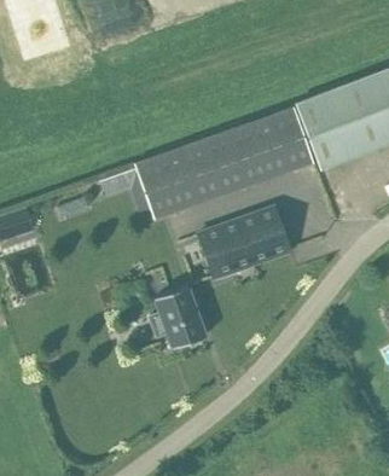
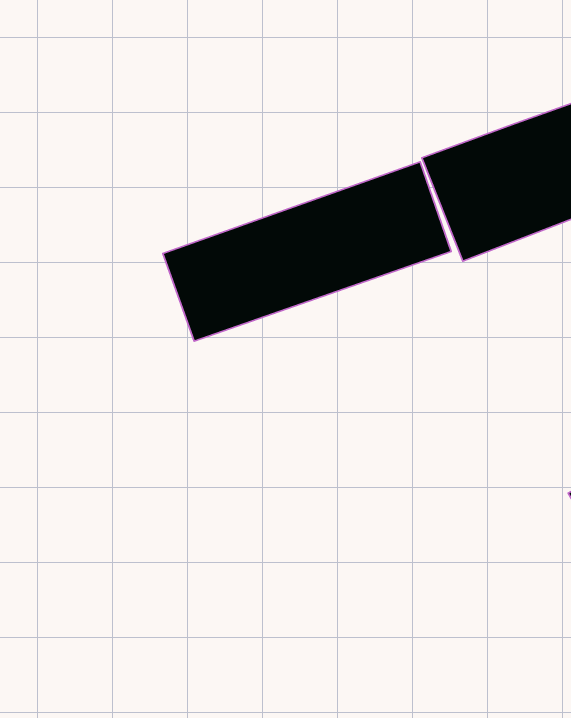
building: [199,205,291,278] -> none
building: [150,285,205,347] -> none

